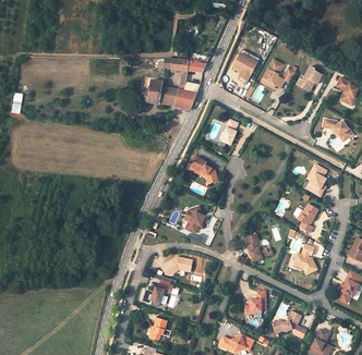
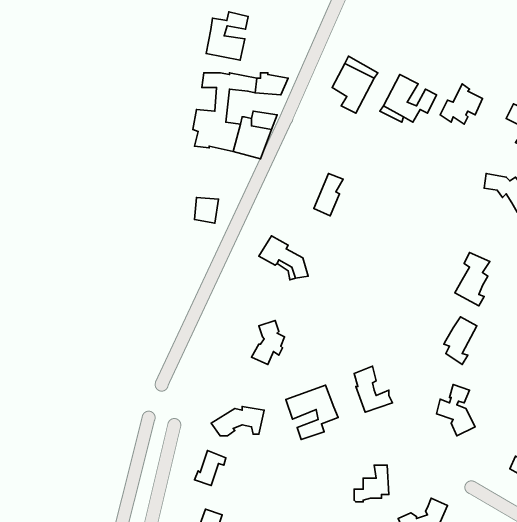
building: none -> [206,12,248,60]
building: none -> [286,385,338,439]

